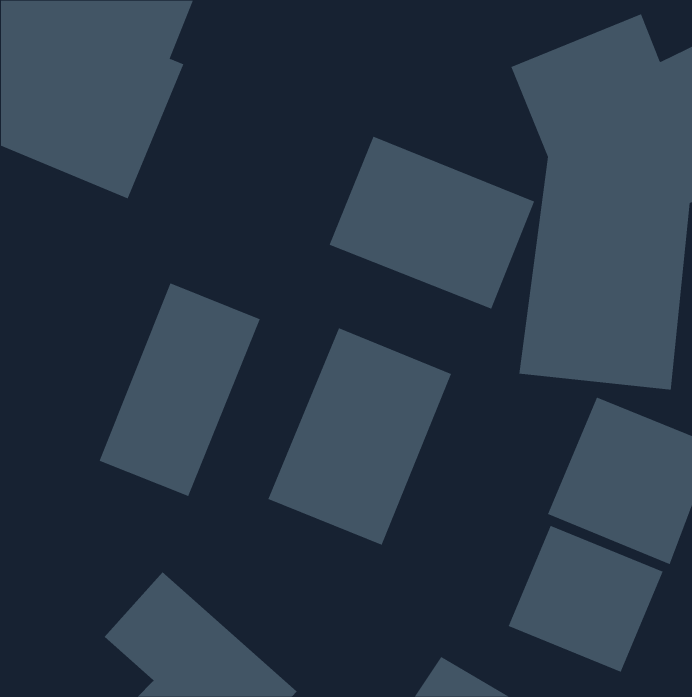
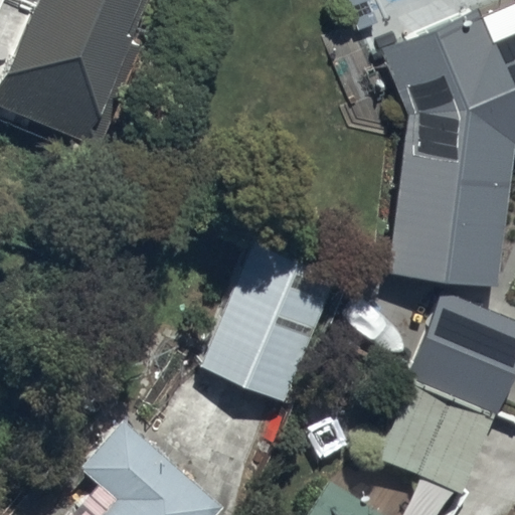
building: [329,136,535,310] -> none
building: [99,282,260,497] -> none

